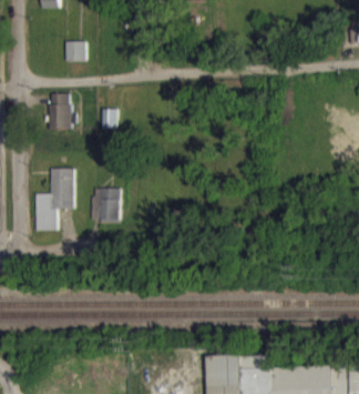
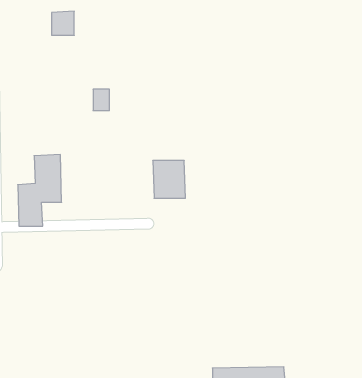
building: [48,93,69,130] -> none
building: [91,189,120,222] -> [153,161,185,198]

